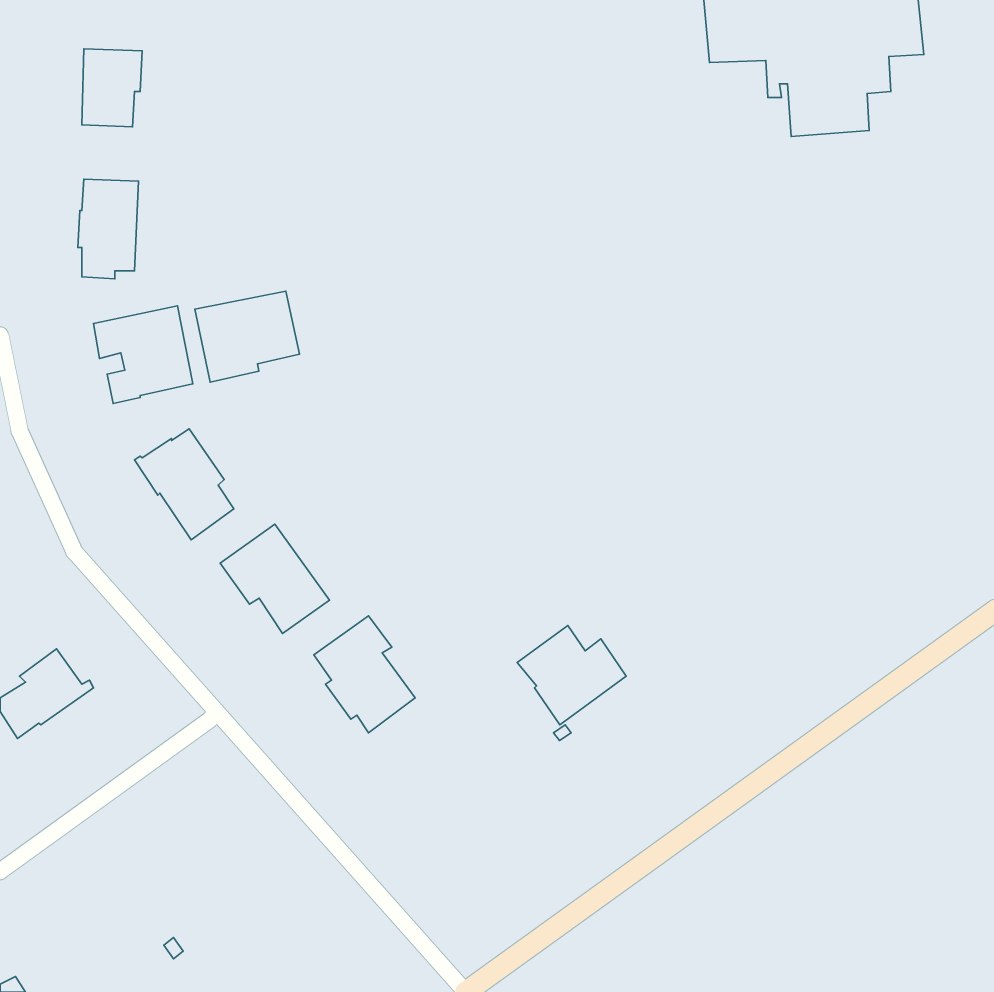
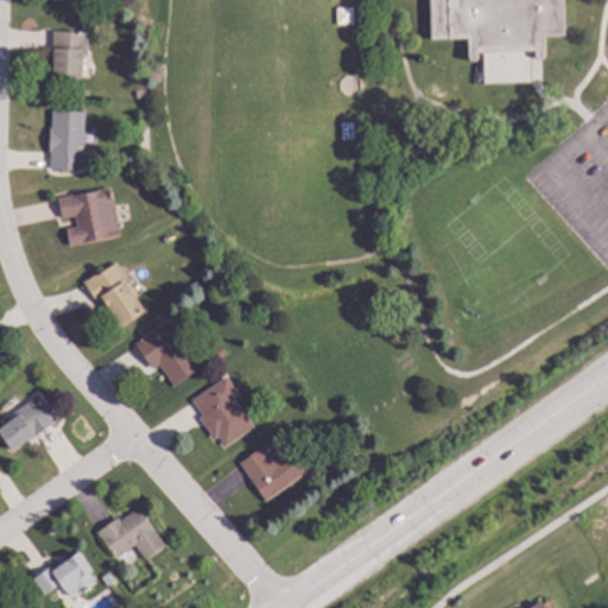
building: [195,291,299,382] -> none
building: [517,625,626,725] -> [240,441,306,501]
building: none -> [96,507,165,559]
building: none -> [33,550,96,596]

